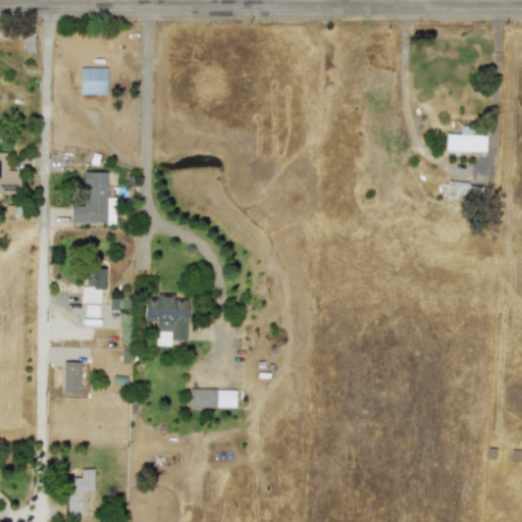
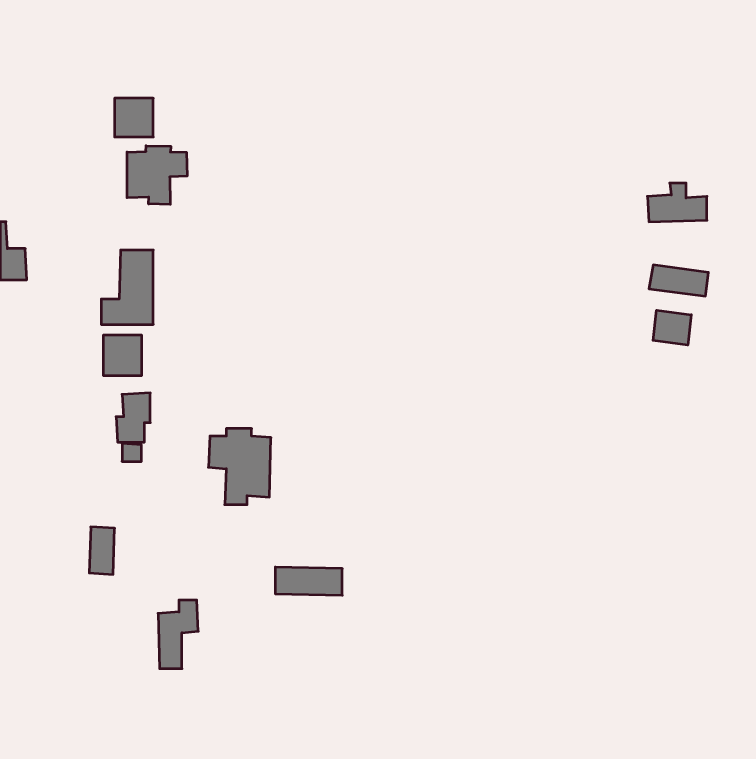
building: none -> [127,146,187,204]
building: none -> [653,310,691,345]
building: none -> [104,335,141,376]
building: [68,470,96,517] -> [158,600,198,669]

